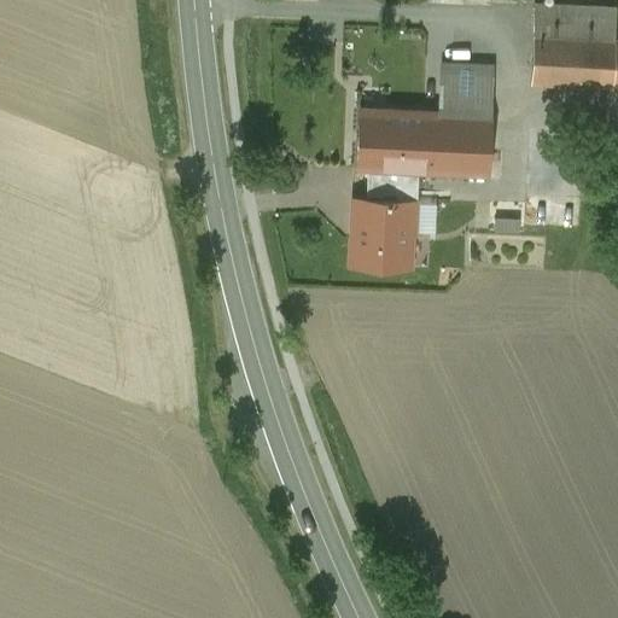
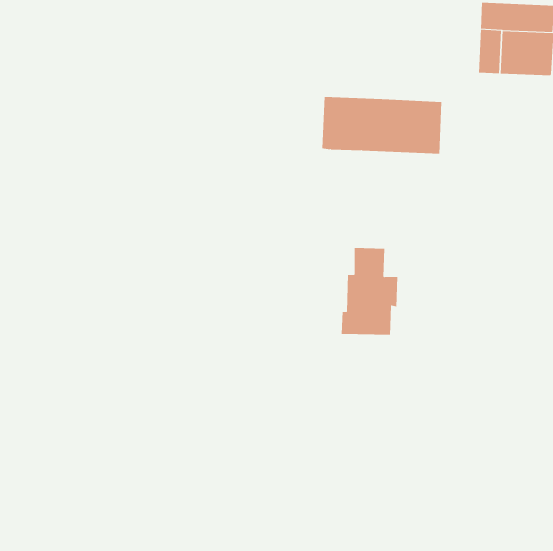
building: [427,66,496,117] -> none
building: [355,170,419,268] -> [341,247,398,335]

